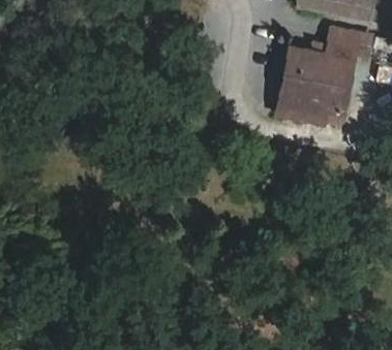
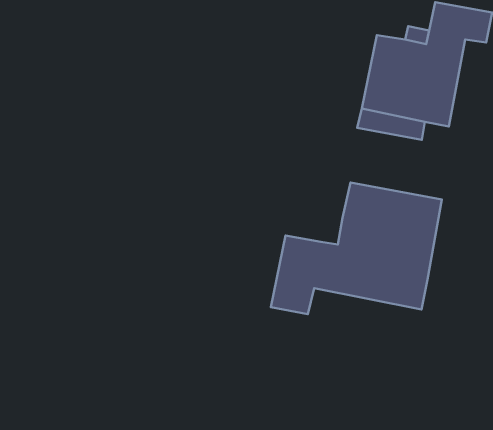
building: none -> [271,183,442,314]

